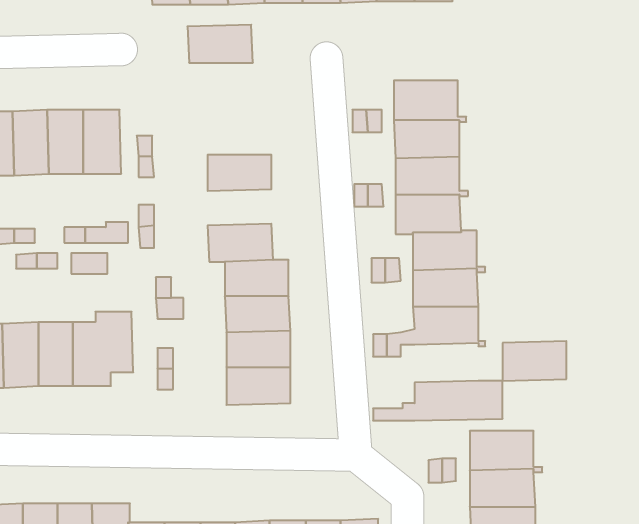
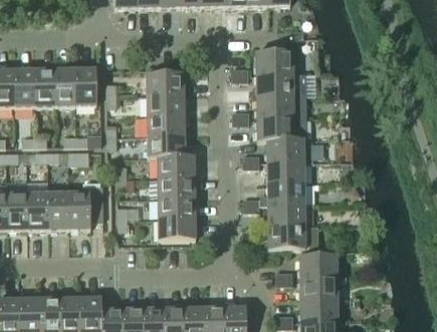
building: [187,25,253,63] -> [146,73,184,95]
building: none -> [147,115,184,136]
building: [503,341,566,381] -> [267,205,304,228]

